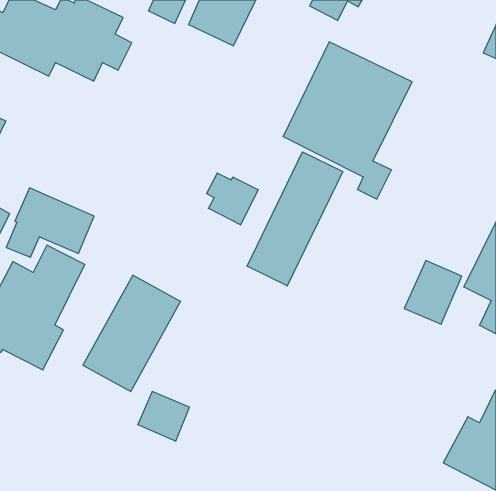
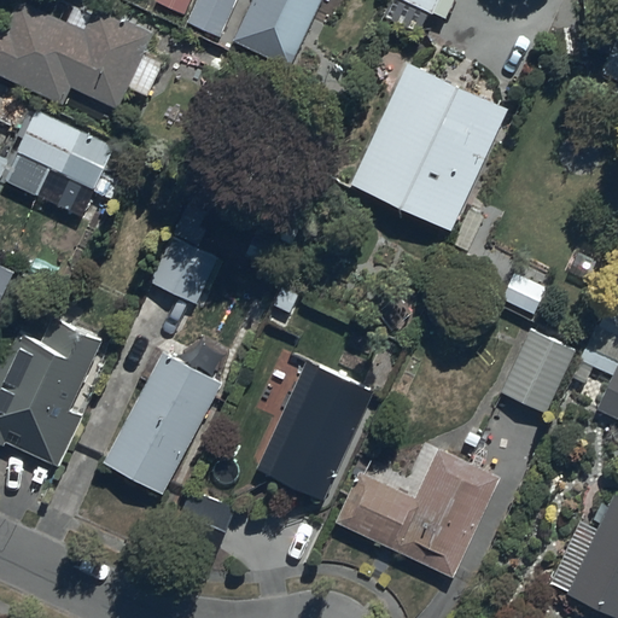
building: [247,152,343,286] -> none
building: [207,173,258,225] -> [152,239,216,303]
building: [6,188,94,257] -> [5,110,113,196]
building: none -> [257,361,372,497]
building: none -> [333,450,500,578]

